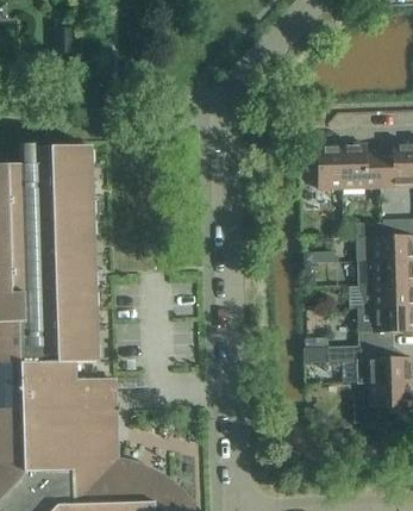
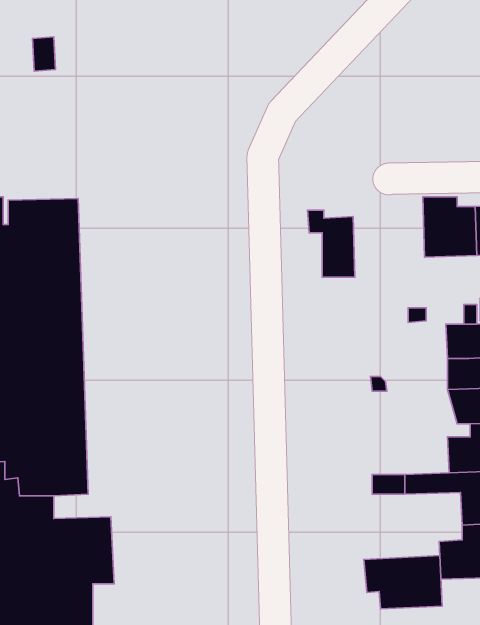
building: [307,141,342,189] -> [307,210,355,277]
building: none -> [364,556,442,609]

